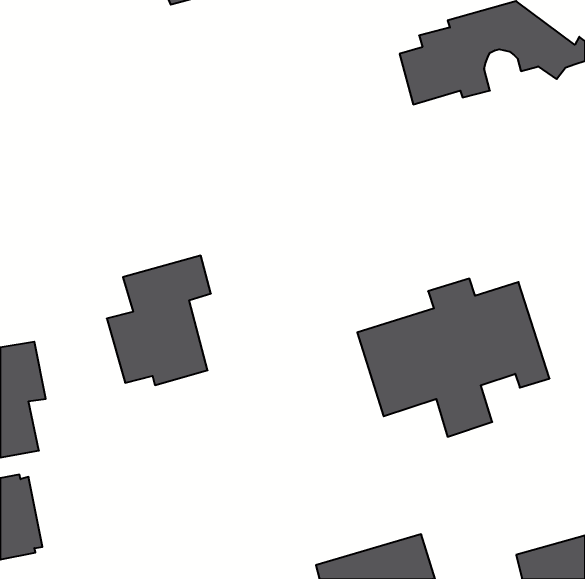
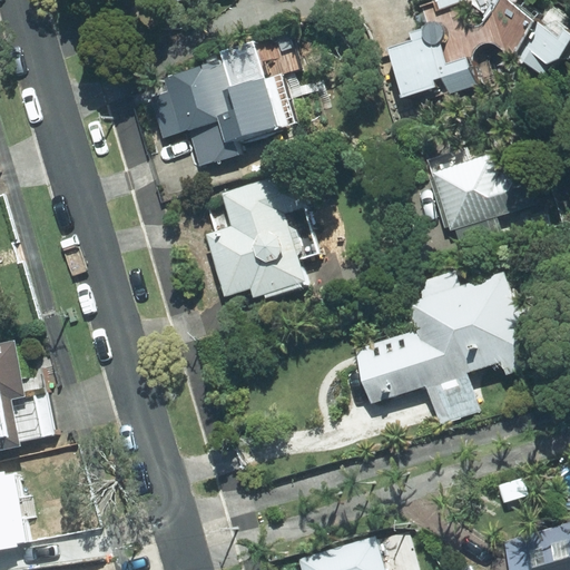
building: none -> [147,61,278,164]
building: none -> [429,150,519,248]
building: [107,256,211,385] -> [206,174,307,299]

